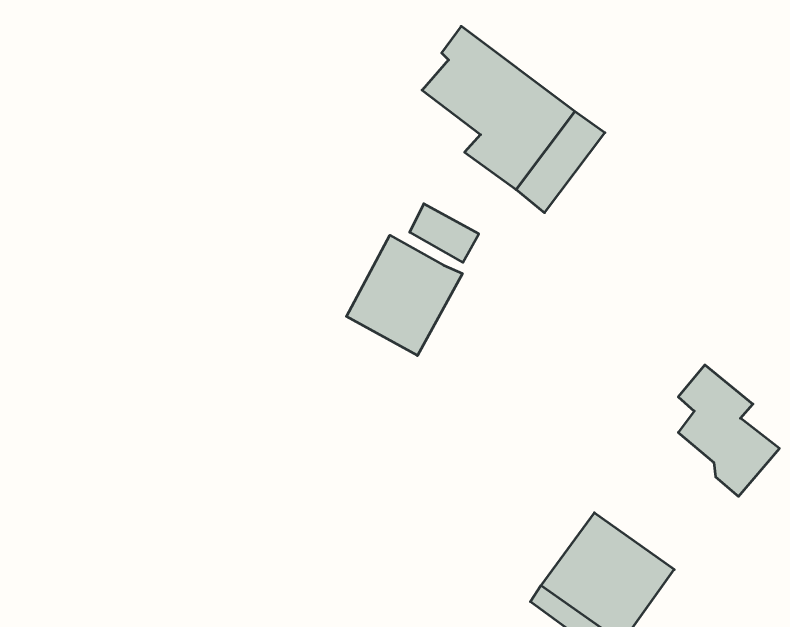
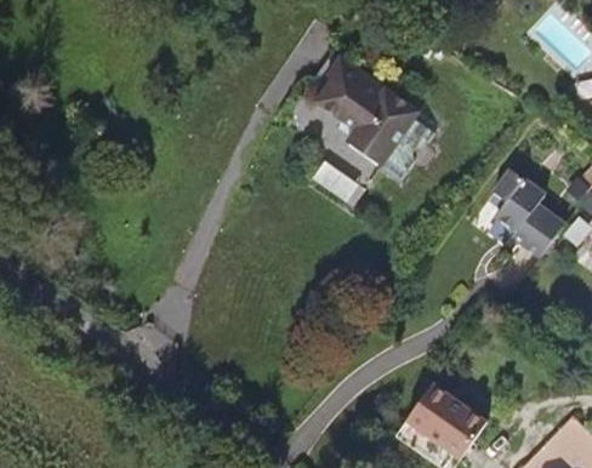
building: [346,235,462,356] -> none
building: [678,365,779,496] -> [490,179,559,269]

